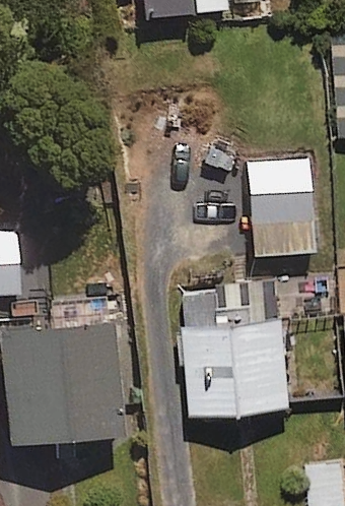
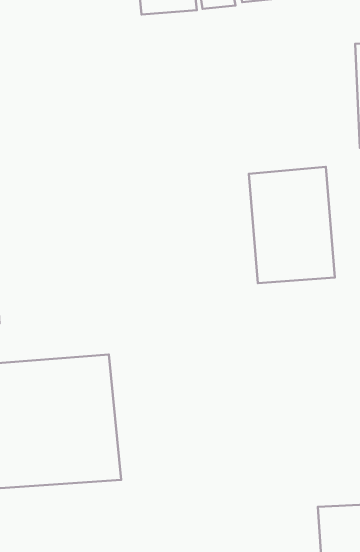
building: [180,289,287,417] -> none

